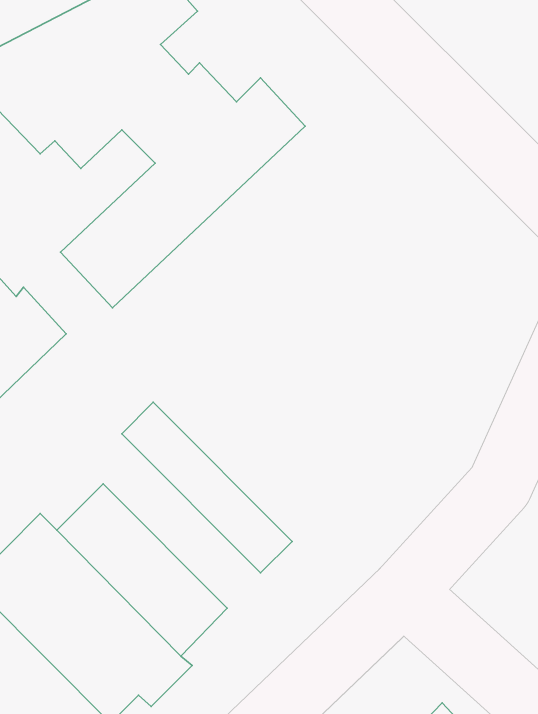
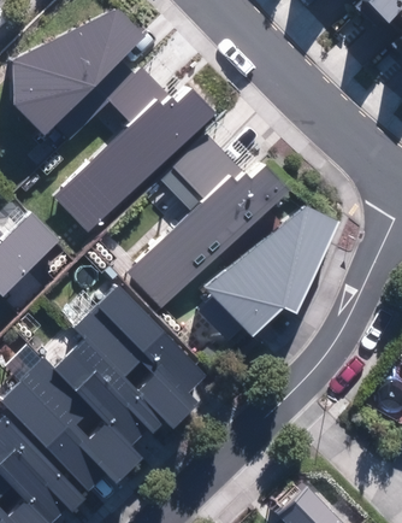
building: none -> [132,135,285,305]
building: none -> [201,199,337,330]
building: none -> [75,308,196,429]

